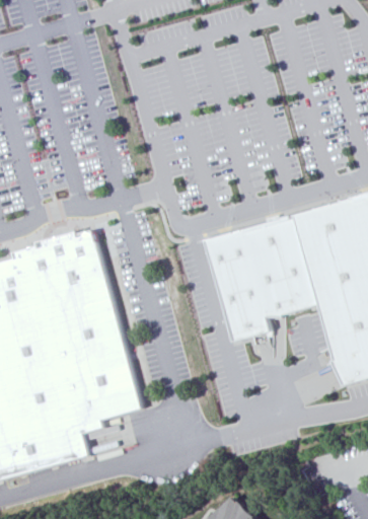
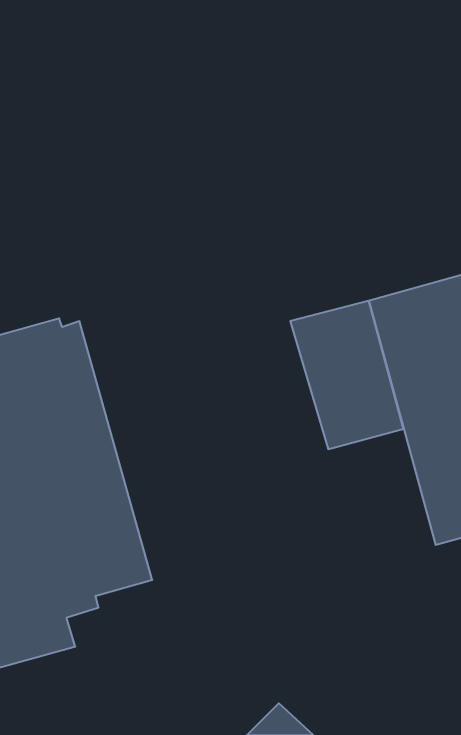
building: [202,229,269,341] -> none

